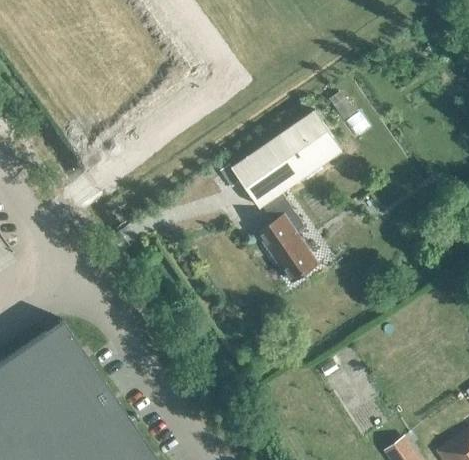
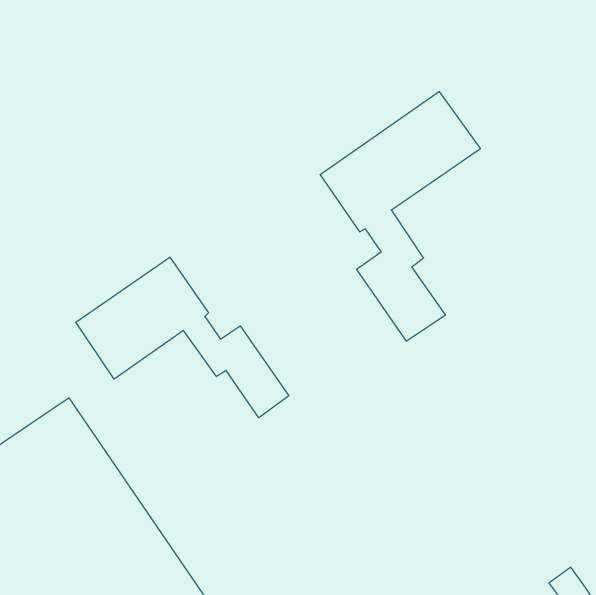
building: none -> [76,257,289,418]

